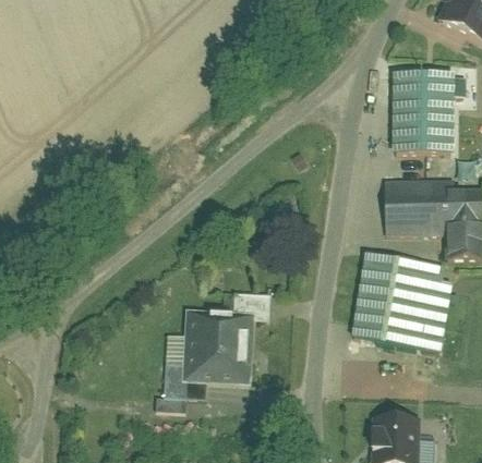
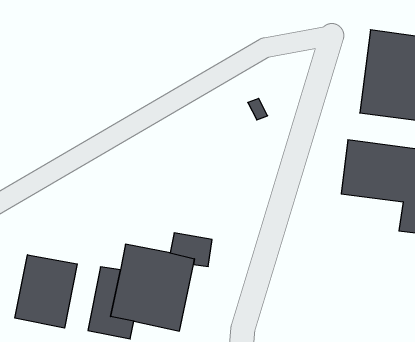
building: [352,255,453,350] -> none
building: none -> [15,255,77,328]

